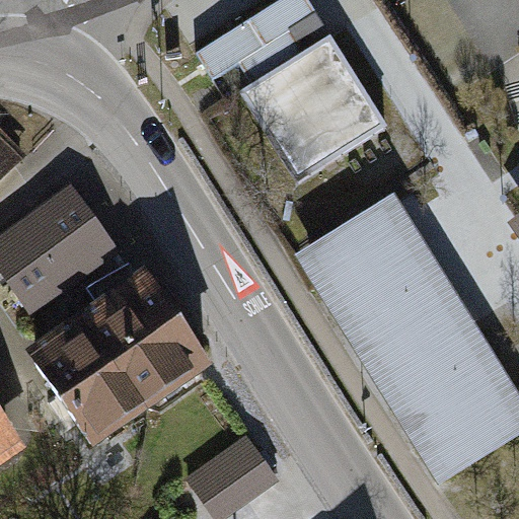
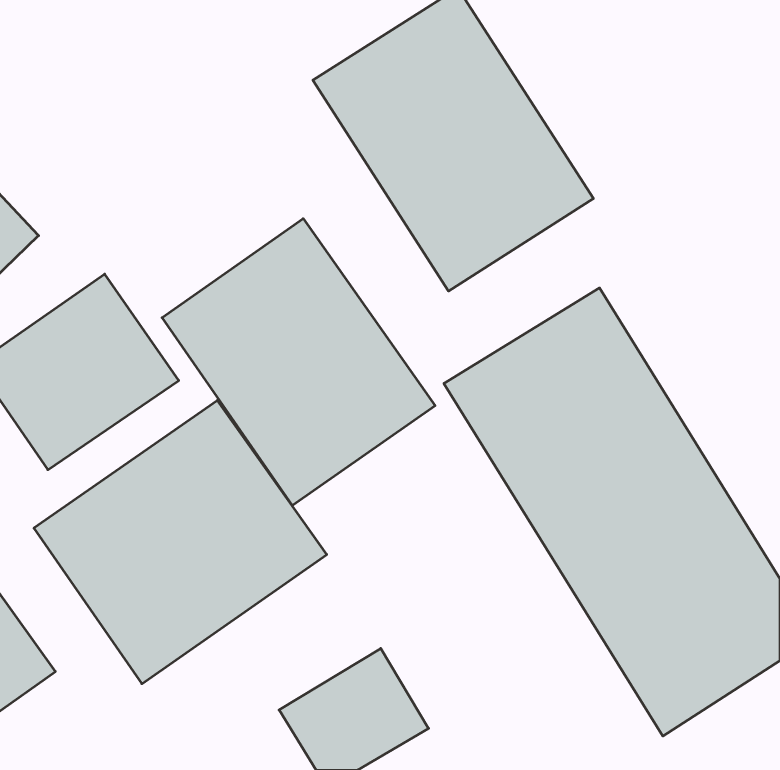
building: none -> [162,219,435,505]

